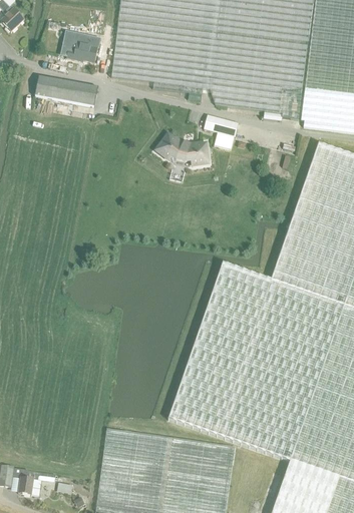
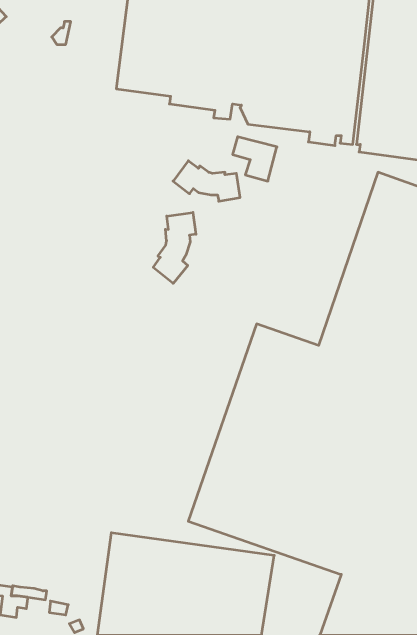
building: [66,37,99,63] -> none
building: [34,76,96,106] -> none
building: none -> [153,212,196,283]

